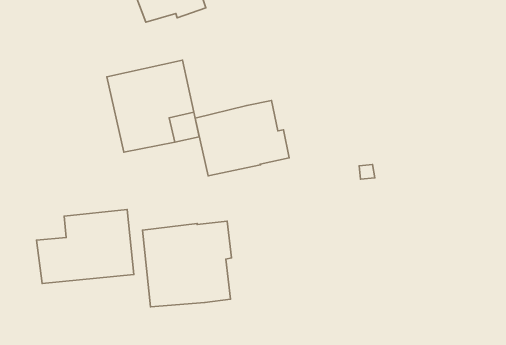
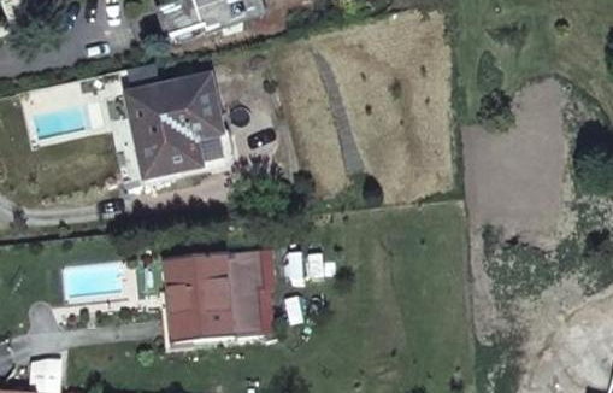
building: [195,100,289,176] -> none
building: [36,210,134,284] -> none

